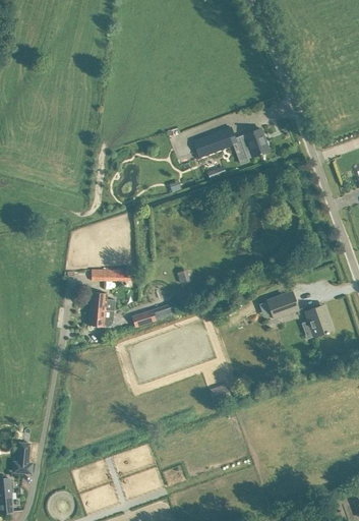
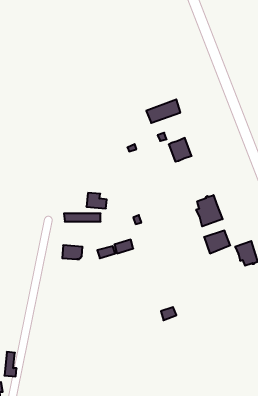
building: [240,128,268,158] -> [169,138,192,162]
building: none -> [196,195,223,226]
building: [89,292,115,311] -> [86,193,107,208]

